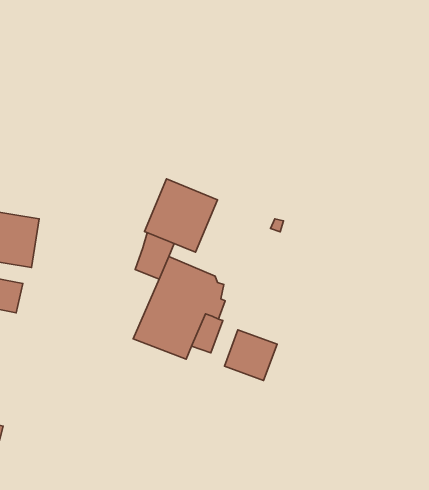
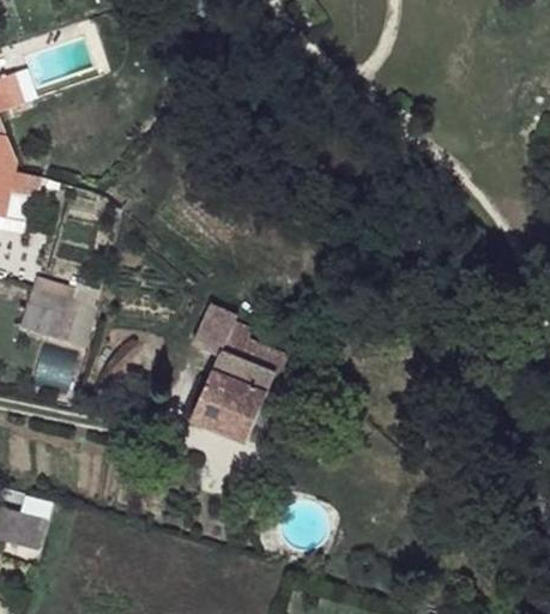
building: [144,179,217,252] -> none
building: [224,330,277,380] -> none

